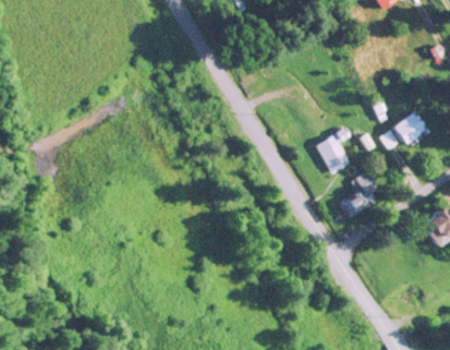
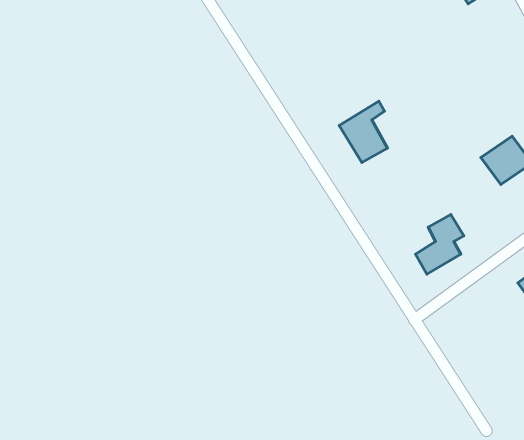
building: [314,128,351,174] -> [339,101,387,162]

